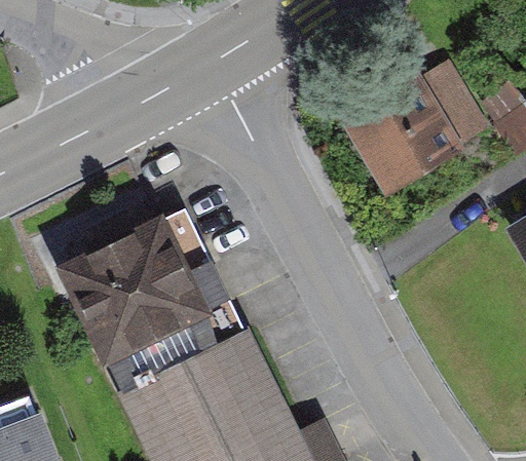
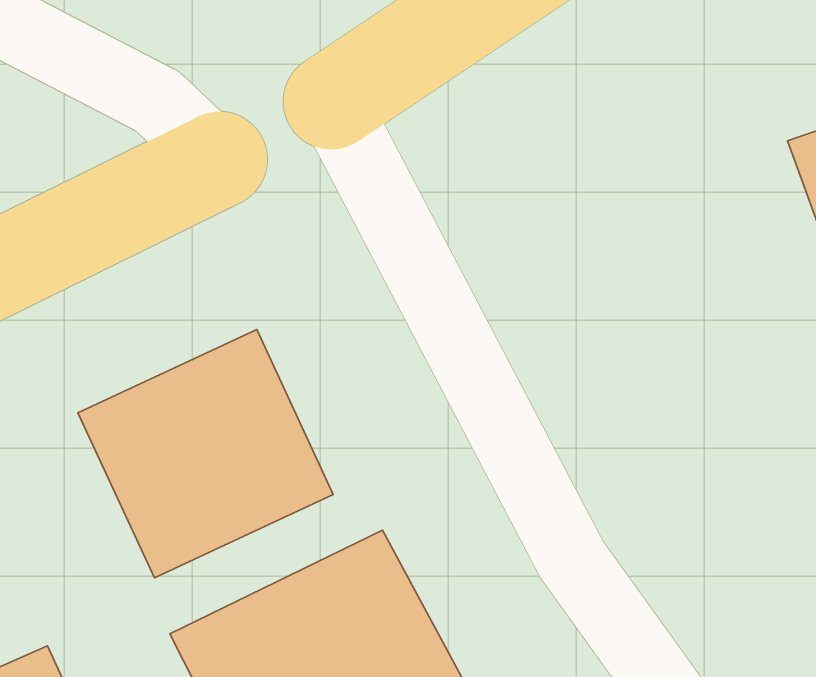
building: [350,65,485,190] -> none

